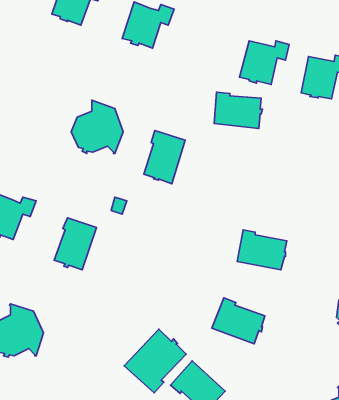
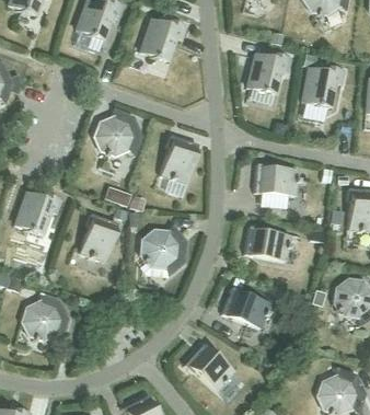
building: [214,92,262,129] -> [254,163,298,196]
building: none -> [141,223,186,275]
building: [124,329,186,393] -> none

